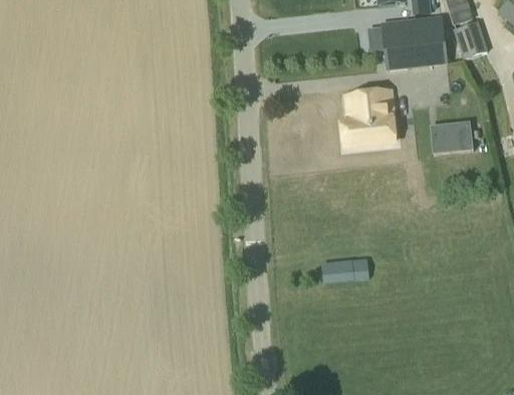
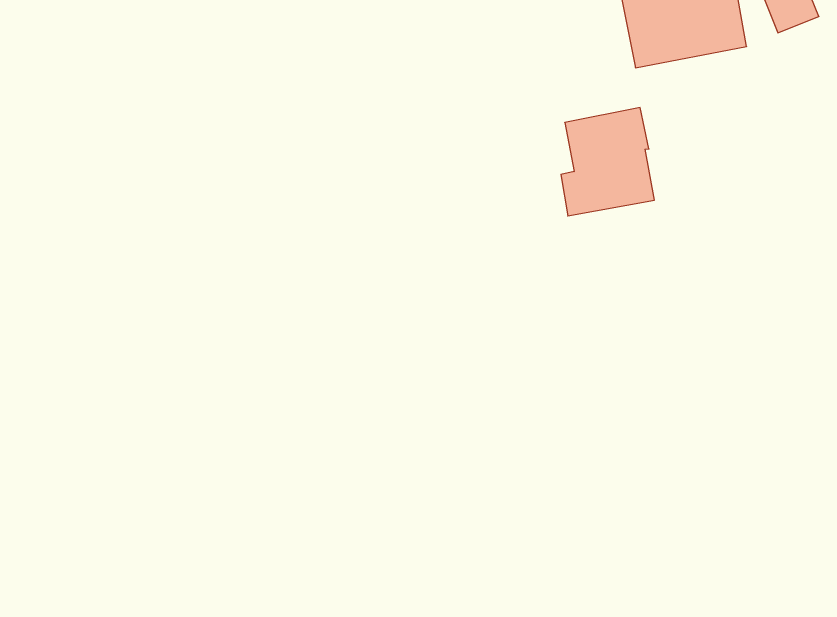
building: [430,129,473,153] -> none
building: [322,258,368,280] -> none

